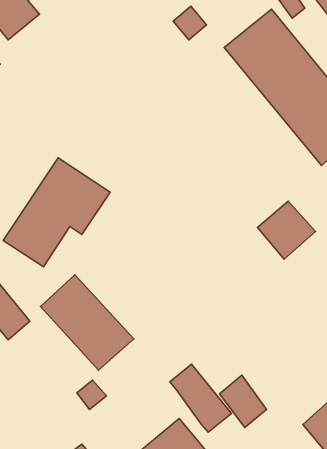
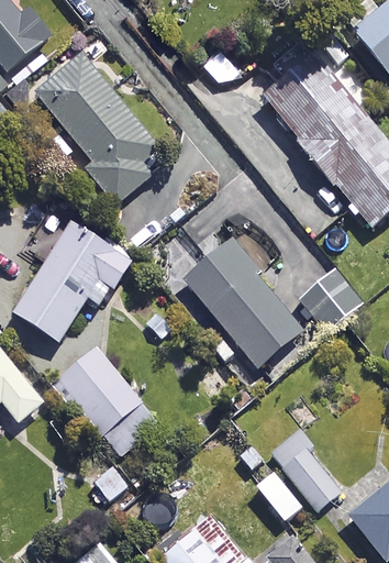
building: none -> [35,53,159,203]
building: none -> [184,239,302,365]
building: [170,364,232,432] -> [273,432,342,508]

